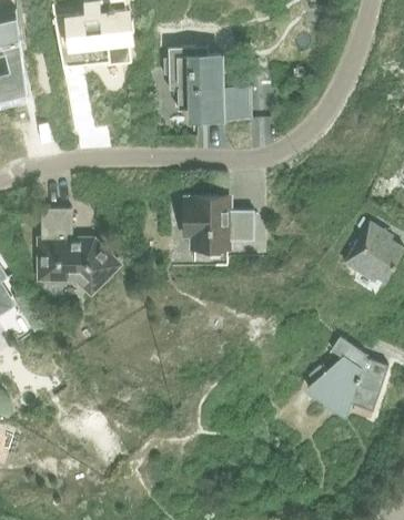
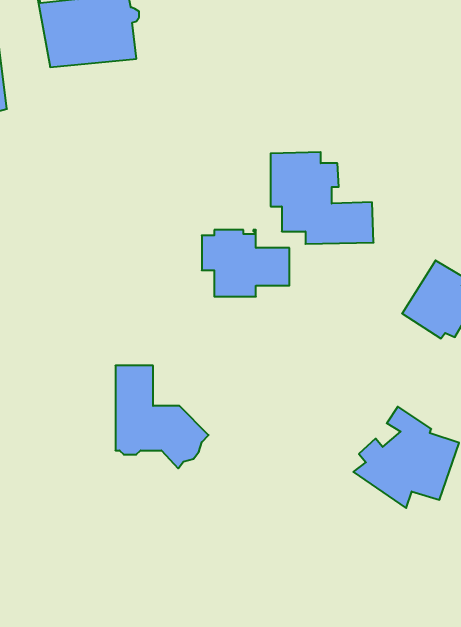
building: [168,47,250,120] -> [271,152,374,244]
building: [41,210,115,292] -> [115,366,209,468]

